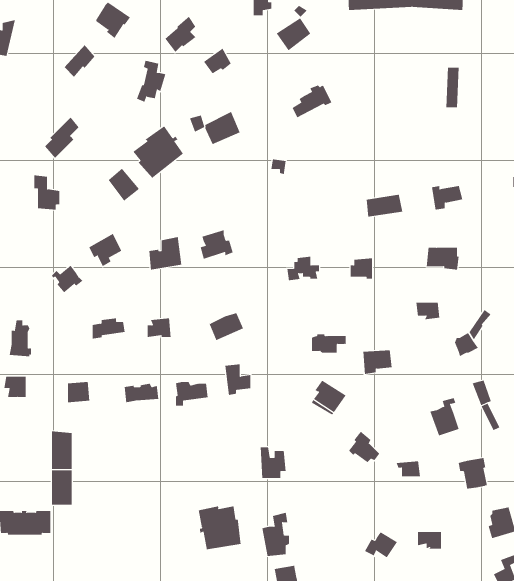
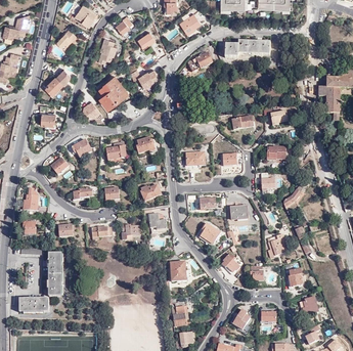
building: none -> [224,41,269,67]
building: [198,505,241,550] -> none

